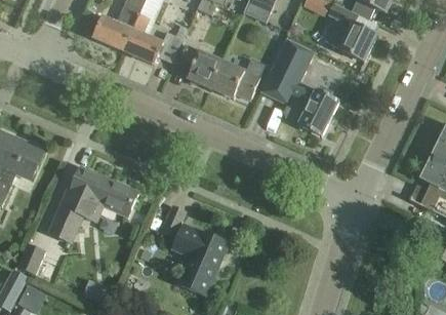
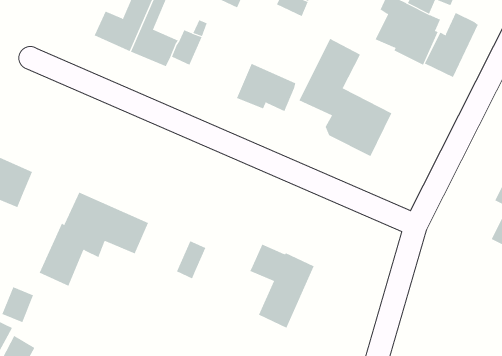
building: none -> [424,12,479,78]
building: [178,43,222,88] -> none
building: [173,225,227,294] -> [249,244,314,329]

